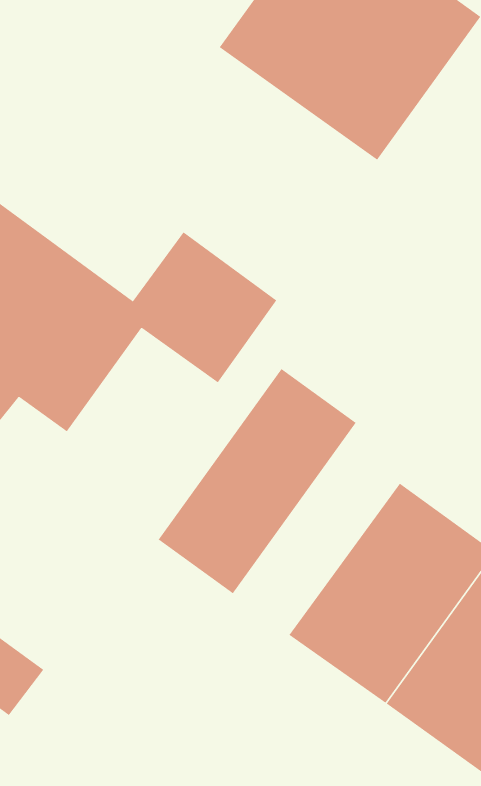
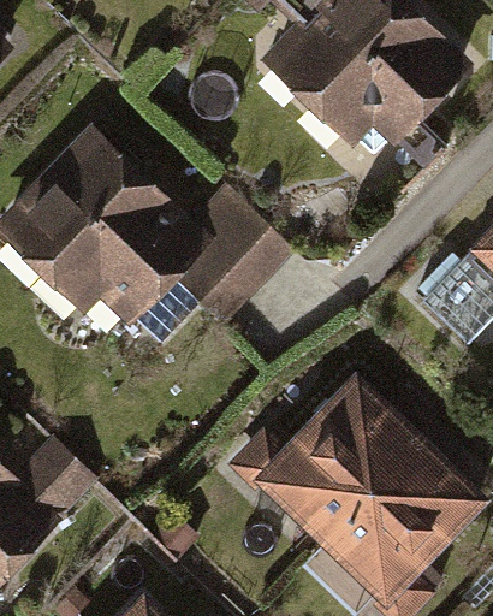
building: [158,368,356,594] -> none

